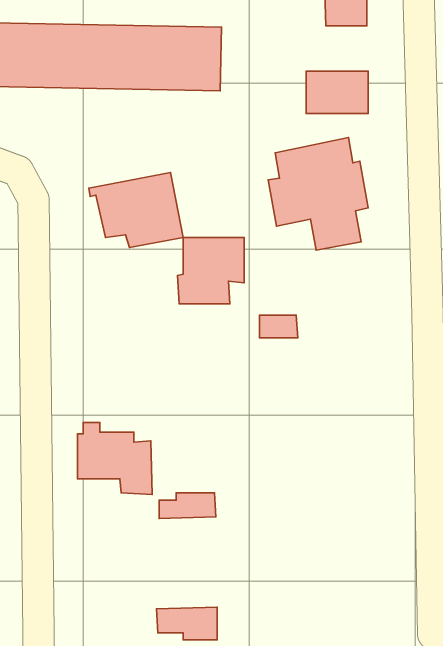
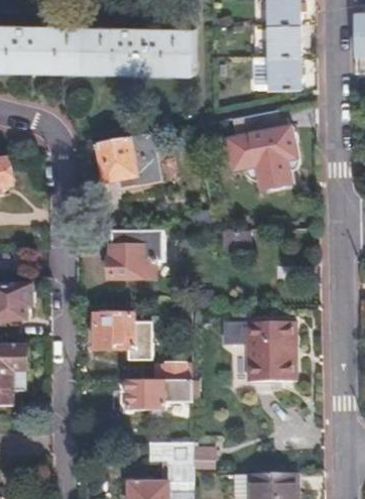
building: none -> [268,26,298,58]
building: [178,238,244,304] -> [106,231,153,278]
building: none -> [227,321,298,381]
building: none -> [126,381,190,409]

